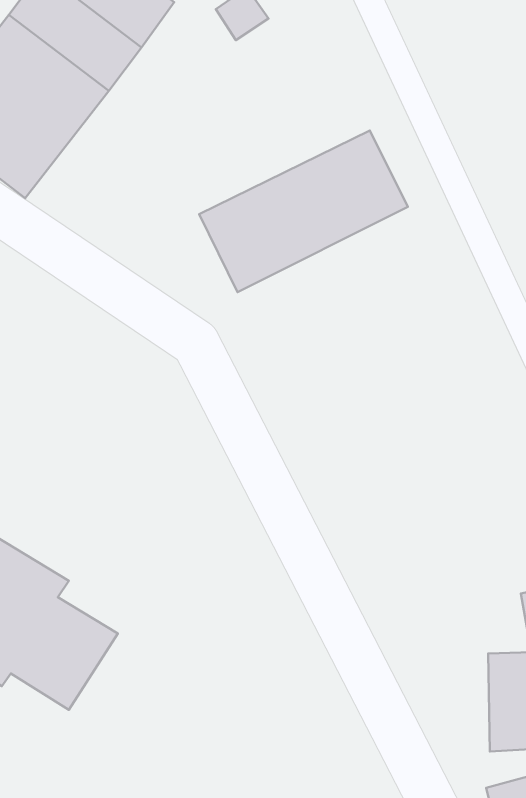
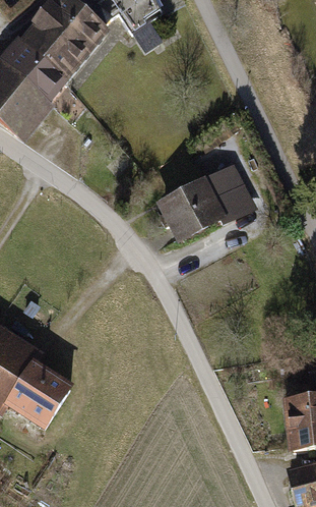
building: [199,131,408,292] -> [149,155,266,245]

